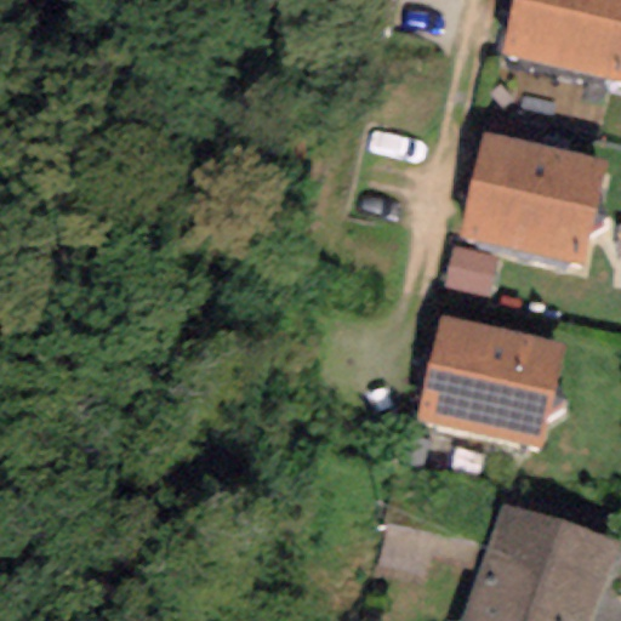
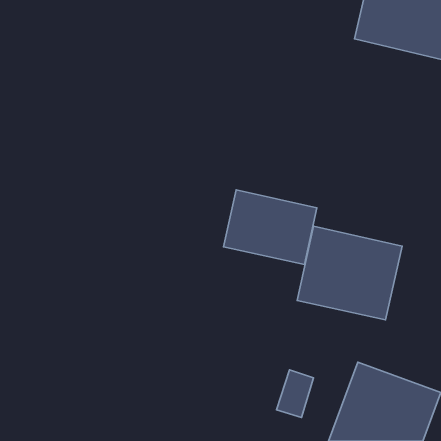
building: [458,130,609,264] -> none
building: none -> [223,190,317,264]

